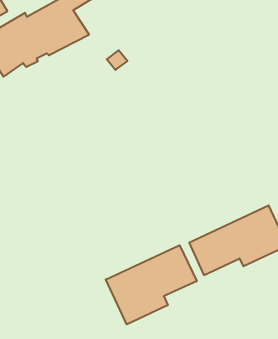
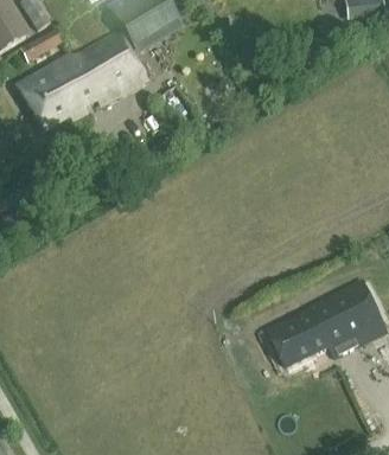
building: [106,245,197,324] -> none

